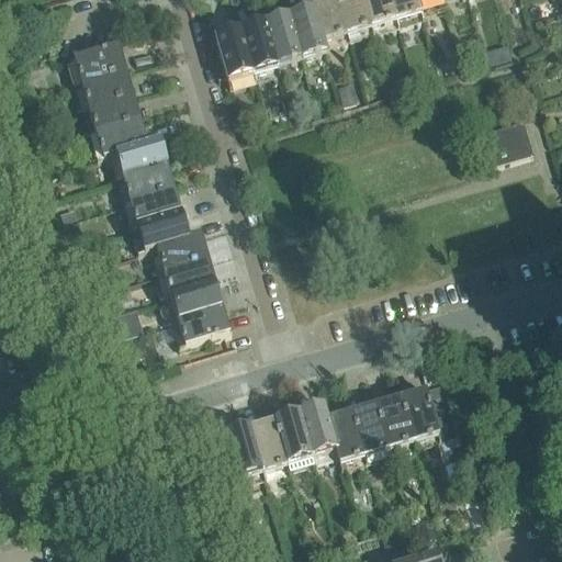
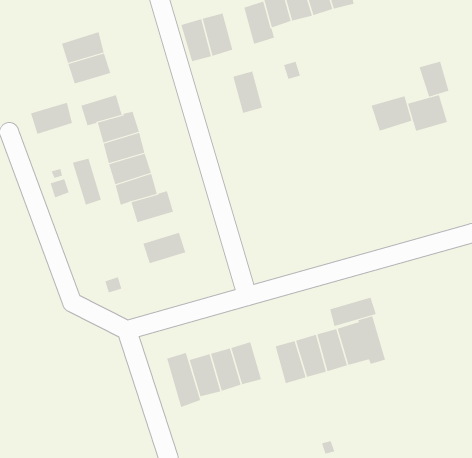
building: [265,9,301,59] -> [232,71,263,113]
building: none -> [419,61,449,97]
building: [88,87,138,125] -> [30,102,73,134]
building: none -> [371,95,412,131]
building: none -> [72,158,101,206]
building: [162,251,213,289] -> none
building: [177,300,228,338] -> none
building: none -> [329,297,377,327]
building: [297,398,335,450] -> none
building: none -> [166,352,201,408]

